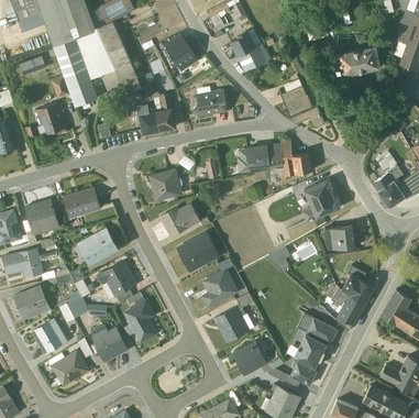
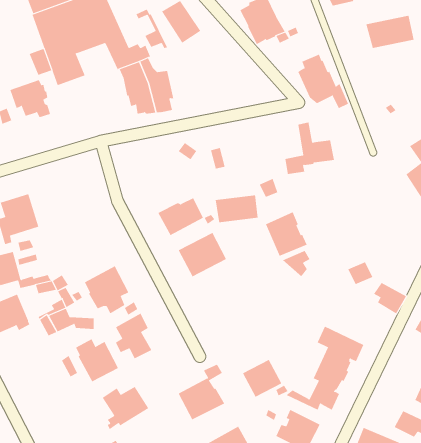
building: [192,89,227,116] -> none
building: [245,144,283,168] -> [215,195,258,223]
building: [150,169,180,199] -> none
building: [304,178,340,217] -> [265,211,307,256]
building: [63,187,99,217] -> none
building: [329,226,354,249] -> none
building: [77,229,117,265] -> none
building: [201,268,238,306] -> none
building: [327,287,364,330] -> none
building: [213,293,254,341] -> [178,364,225,420]
building: [31,318,67,354] -> none
building: [47,351,88,388] -> [102,386,149,430]

